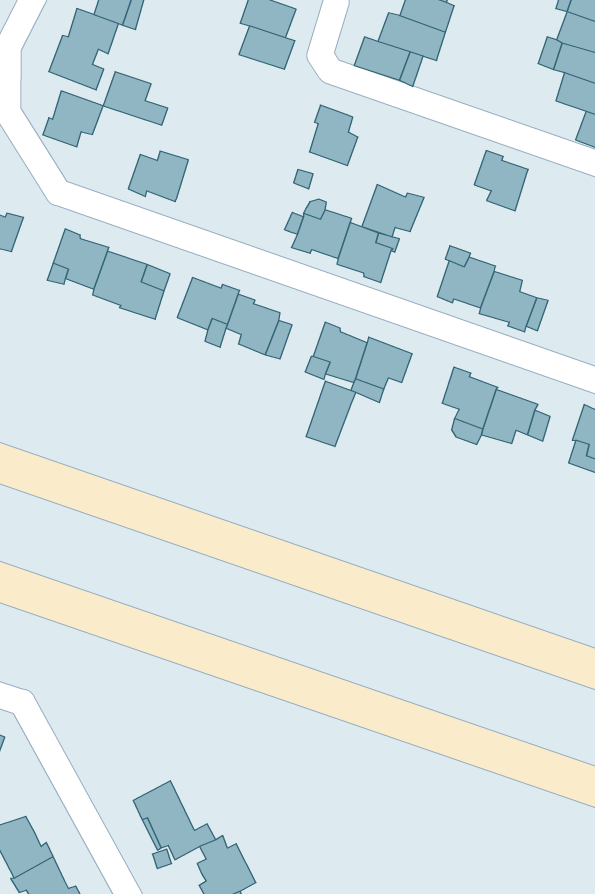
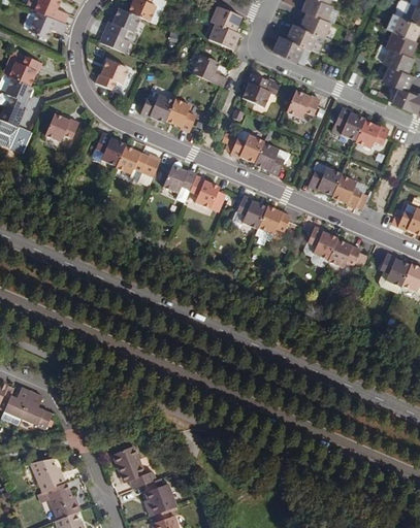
building: [103,72,168,125] -> [191,56,227,88]
building: none -> [166,96,198,131]
building: none -> [354,121,390,150]
building: [362,185,424,237] -> [285,91,321,121]
building: [306,381,356,447] -> none

